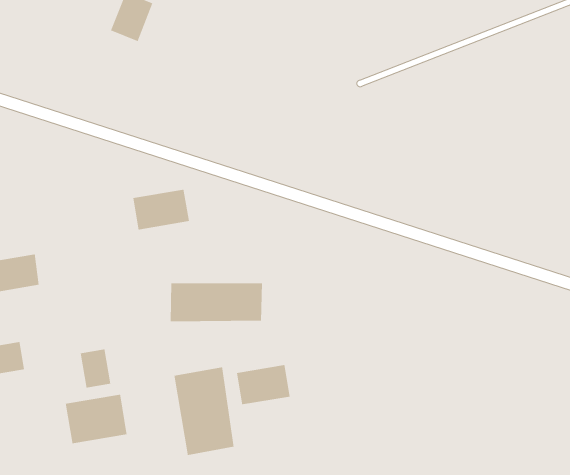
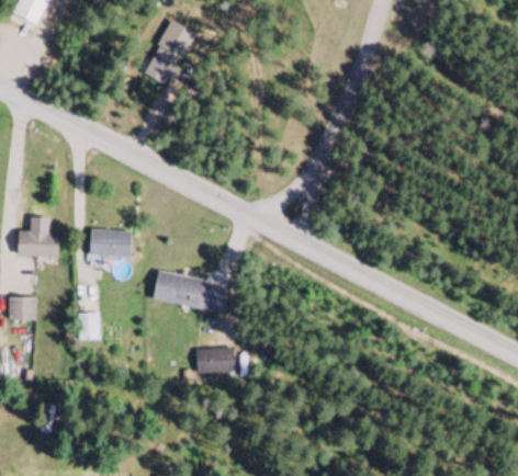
building: [132,189,190,230] -> [90,230,131,256]
building: [174,367,234,456] -> none
building: [65,394,127,444] -> none

